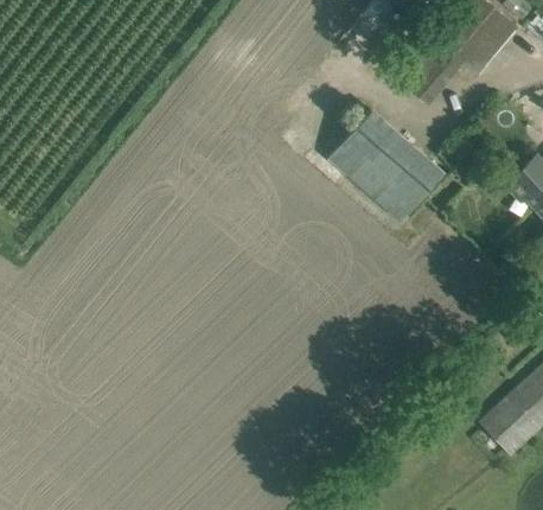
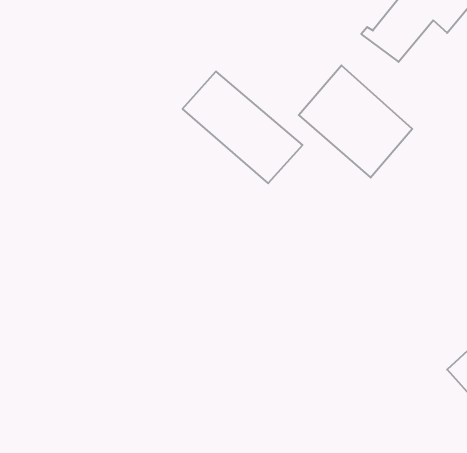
building: none -> [183,71,302,183]

